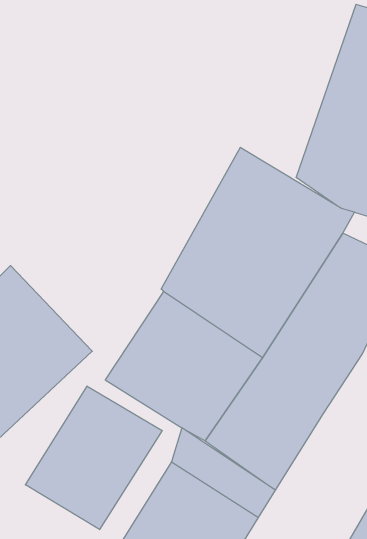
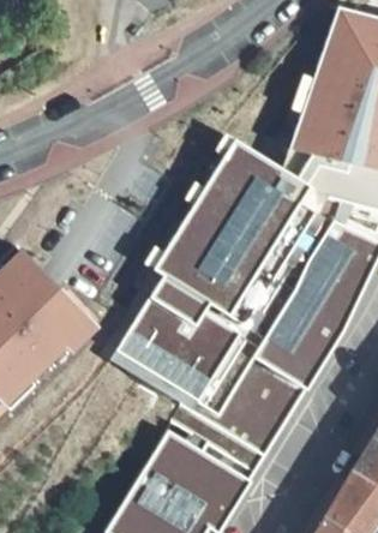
building: [25,386,162,530] -> none

